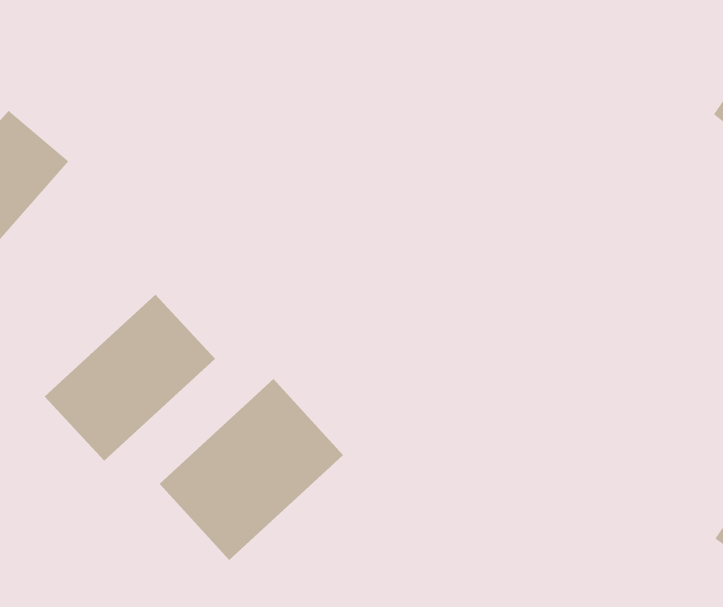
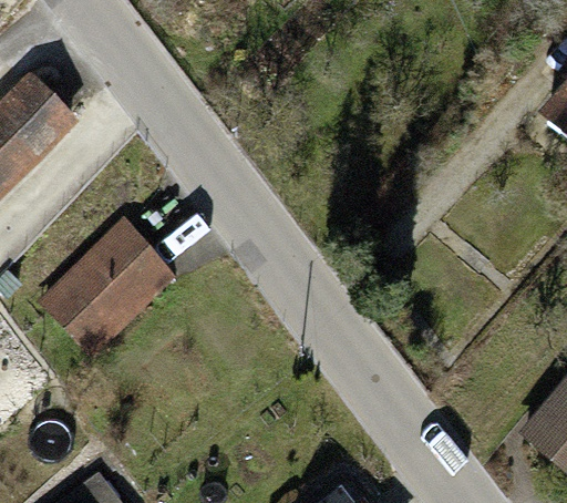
building: [159,378,344,561] -> none

